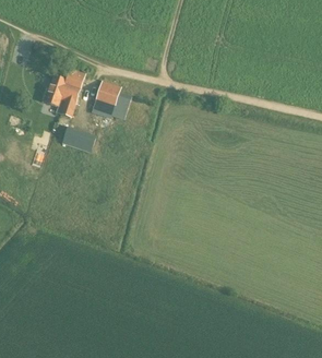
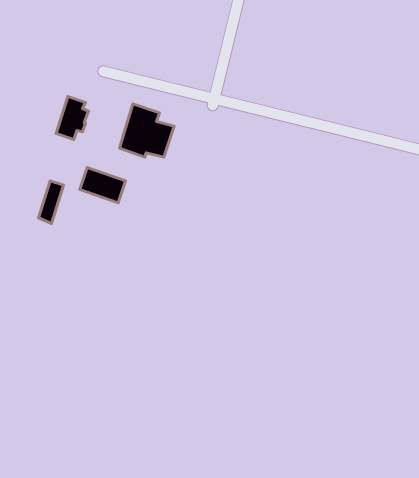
building: [60,68,85,116] -> none

